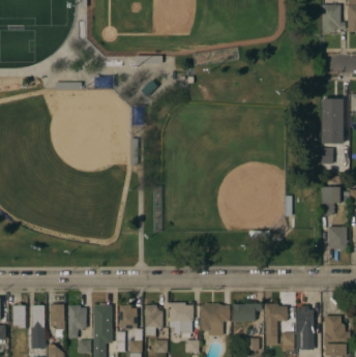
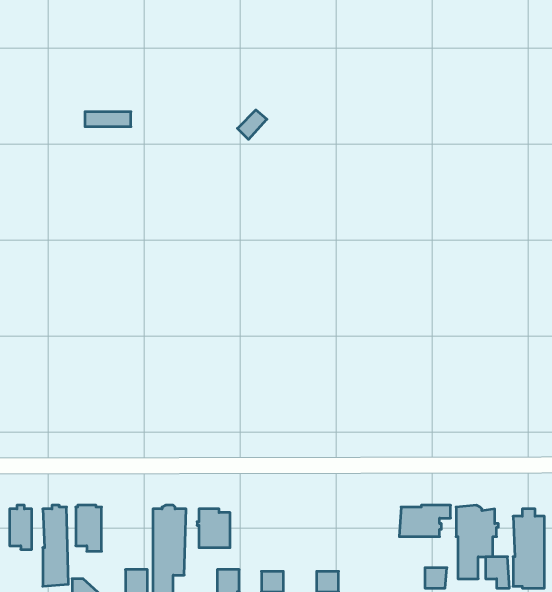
building: [169,302,194,338] -> none
building: [201,303,229,335] -> none
building: [67,305,86,337] -> none
building: [143,305,162,335] -> none

